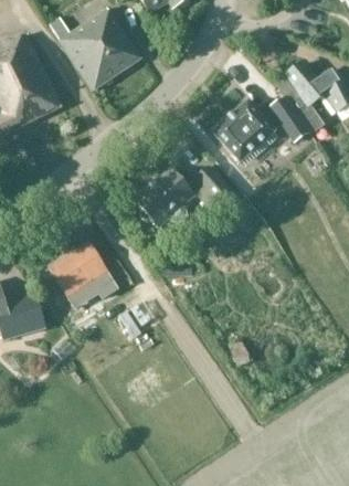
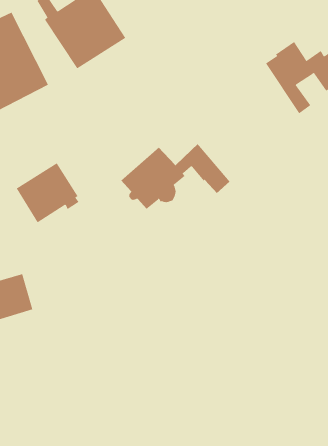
building: [210,97,306,162] -> none
building: [47,239,110,298] -> [16,163,80,223]

